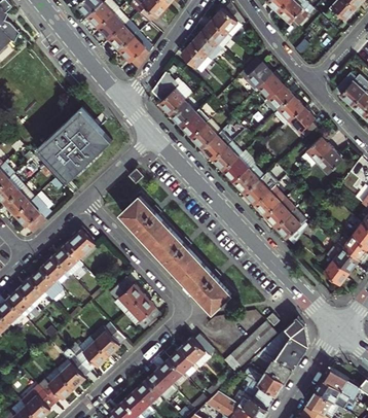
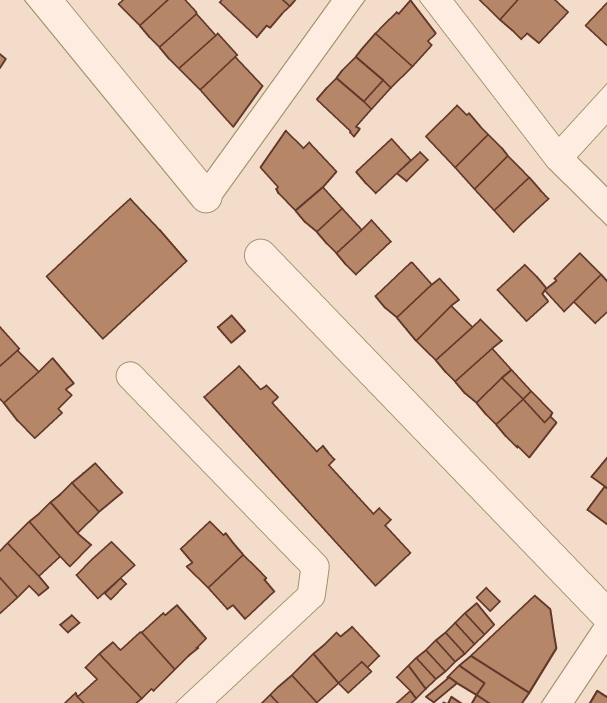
building: [289,107,316,137] -> [497,265,548,321]
building: [201,130,230,159] -> [356,139,411,193]
building: [64,230,95,259] -> [76,542,135,598]

